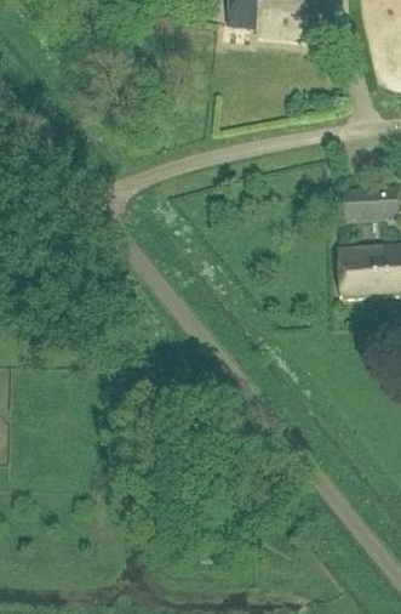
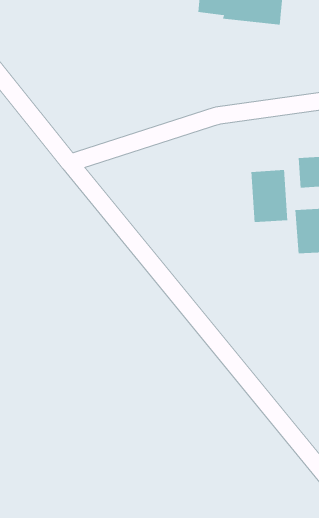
building: none -> [251,169,288,223]

